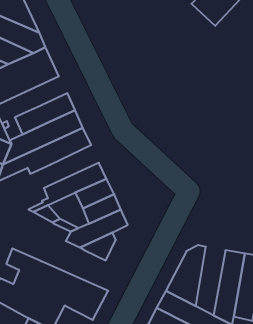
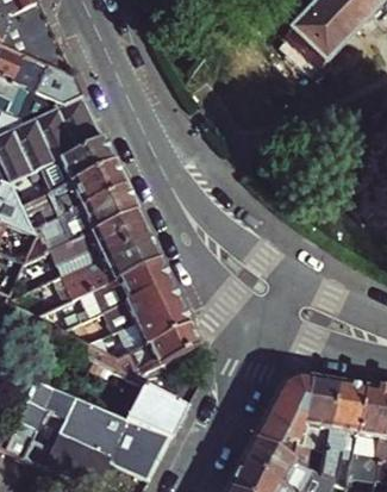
building: none -> [35,139,113,192]
building: none -> [25,236,157,317]
building: none -> [293,379,335,475]
building: none -> [119,384,187,441]

